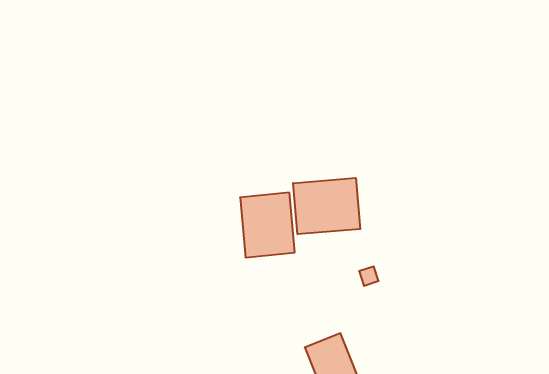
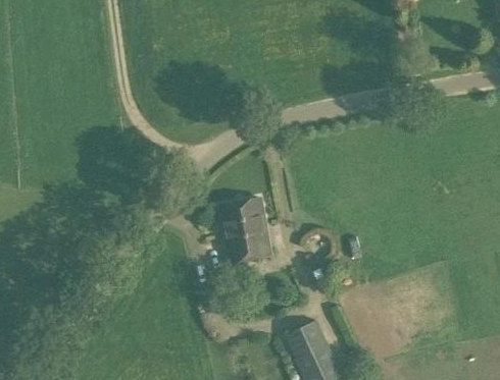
building: [293,178,360,234] -> none

